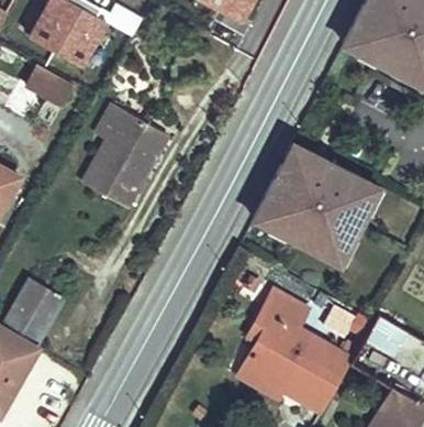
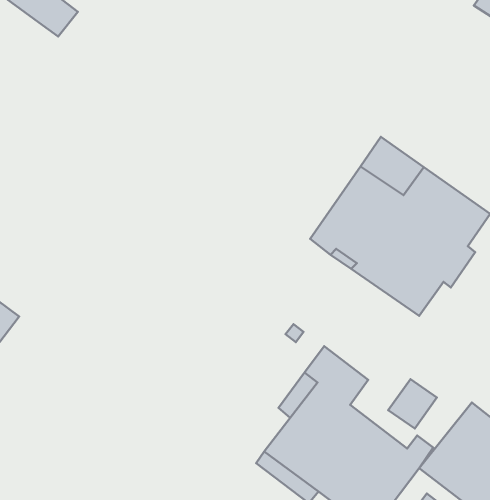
building: [82,105,167,208] -> none

